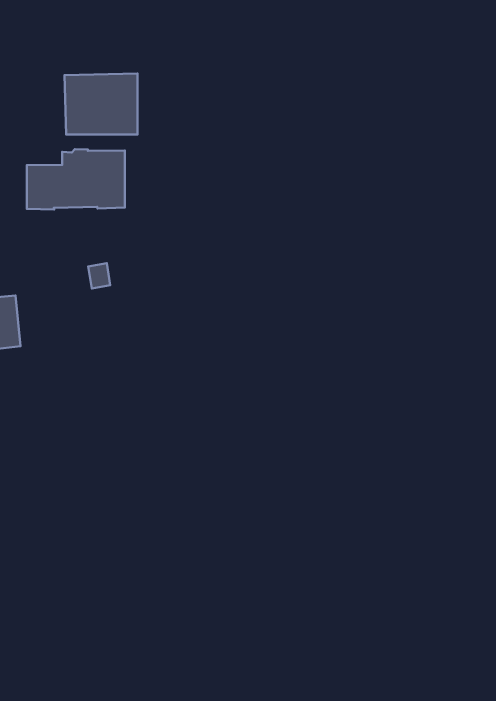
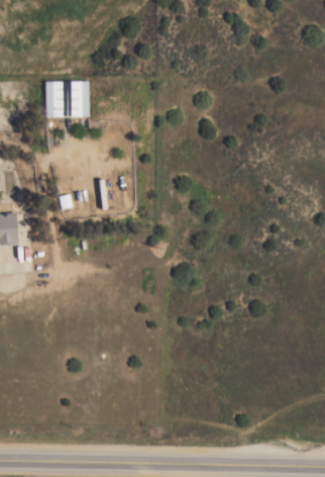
building: [27,149,125,209] -> none

